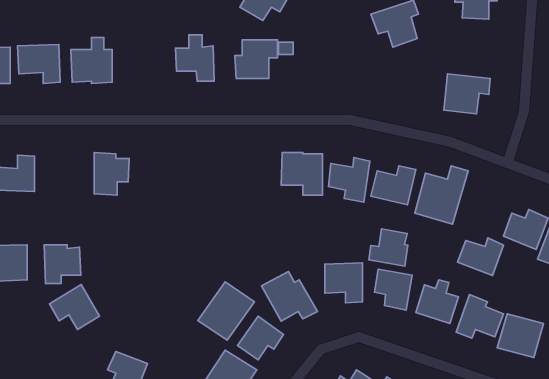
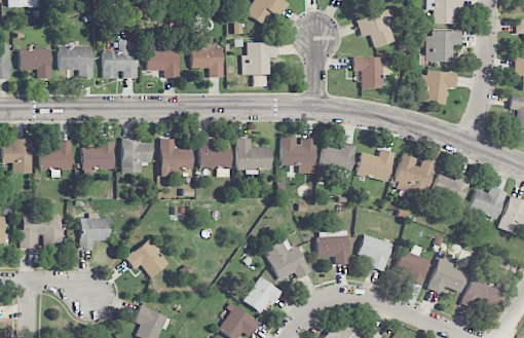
building: none -> [426,32,462,62]
building: none -> [145,38,179,78]
building: none -> [352,57,383,88]
building: none -> [160,139,193,177]
building: none -> [237,139,272,173]
building: none -> [82,140,114,177]
building: none -> [199,141,231,177]
building: [369,229,408,266] -> none
building: [457,238,504,276] -> [432,173,471,204]
building: [198,282,254,340] -> none
building: [50,284,99,329] -> [125,239,167,277]

